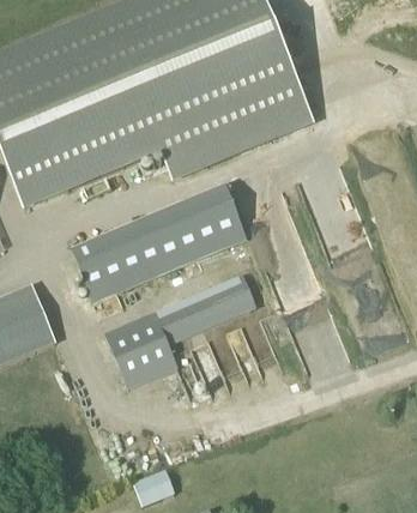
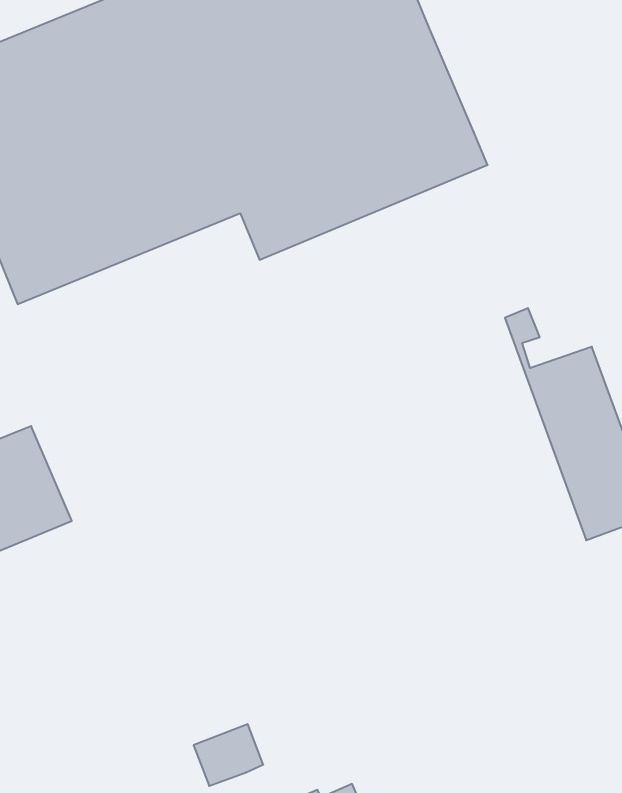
building: [71,183,247,302] -> none
building: [103,272,256,387] -> none

